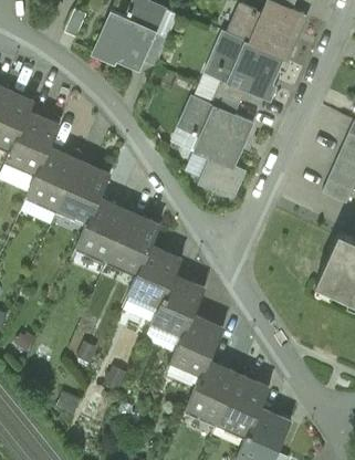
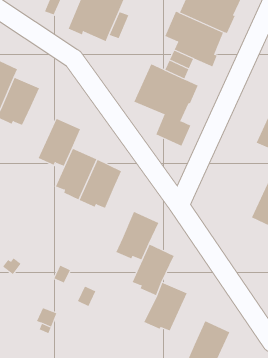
building: [28,148,79,211] -> none
building: [128,247,180,309] -> none
building: [217,375,268,438] -> none

